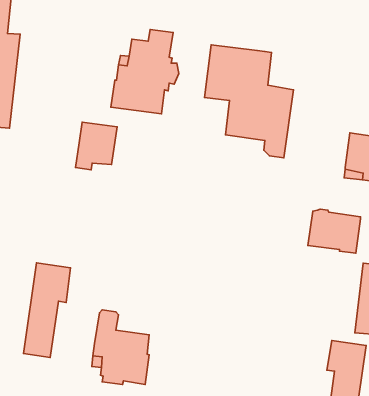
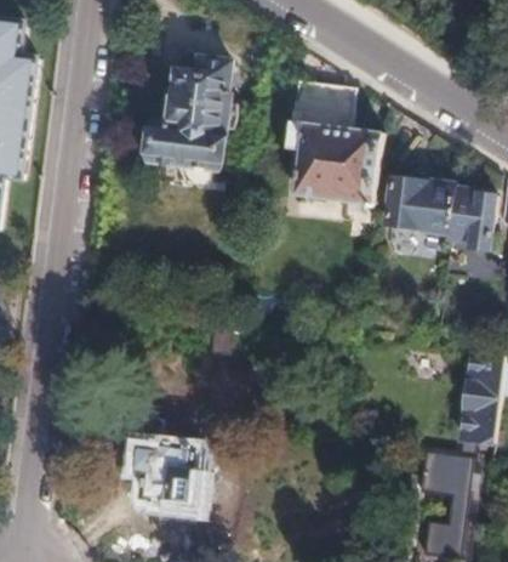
building: [75,122,117,170] -> none
building: [308,209,360,253] -> [386,177,452,233]
building: [24,263,71,358] -> none

